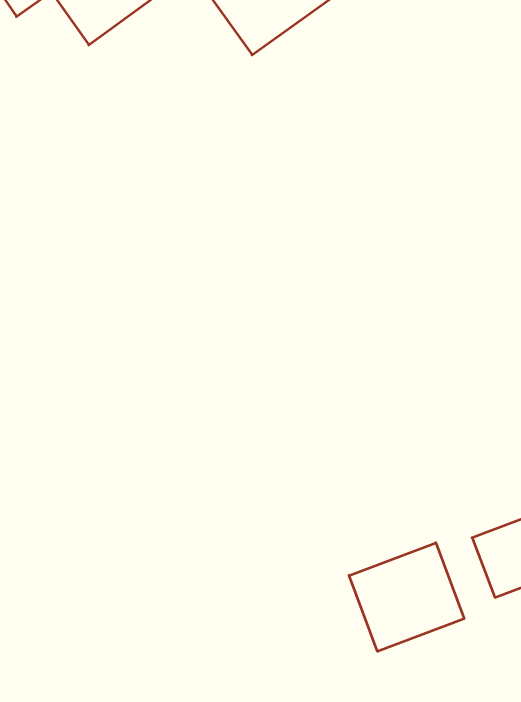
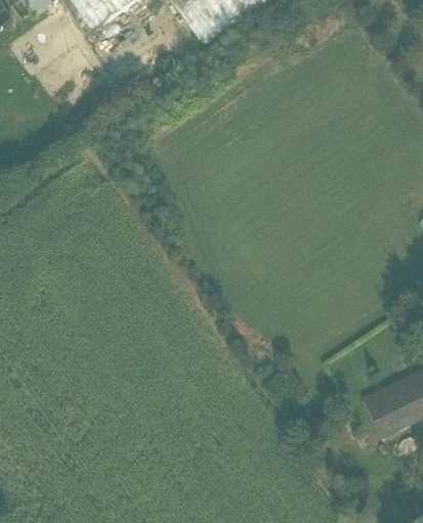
building: [349,543,464,651] -> none

